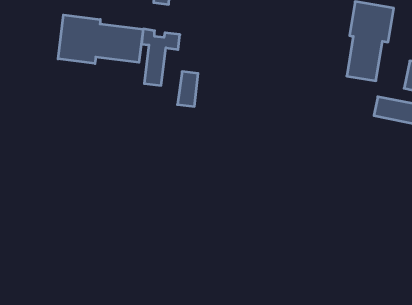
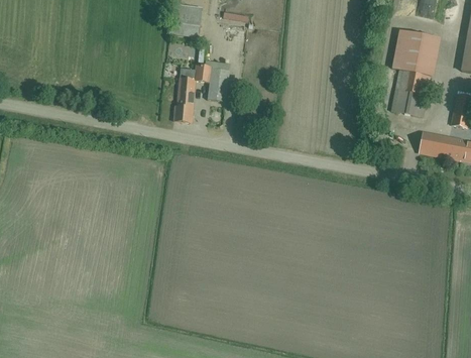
building: [58,15,143,64] -> none
building: [177,72,198,106] -> [208,63,230,100]

